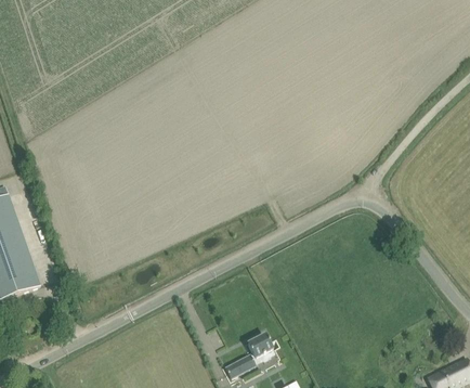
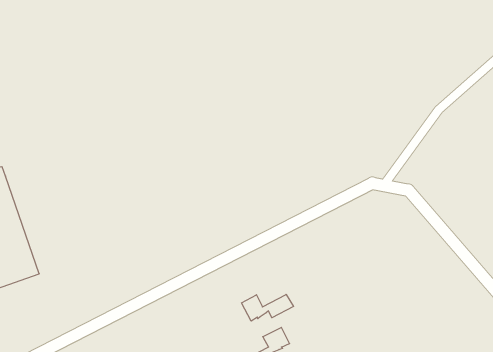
building: none -> [242,294,294,321]

